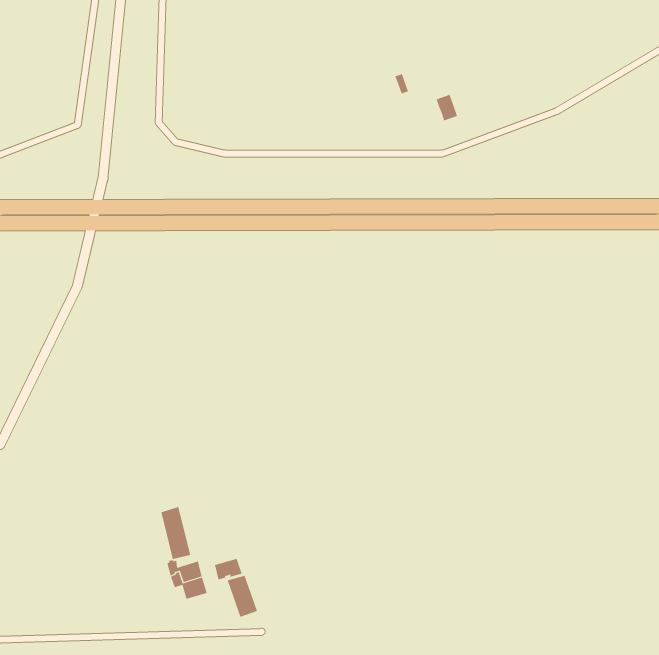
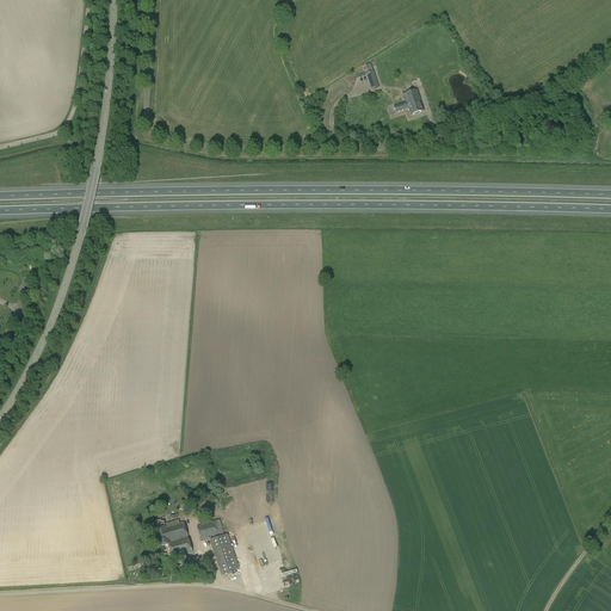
building: [161,506,191,560] -> none

